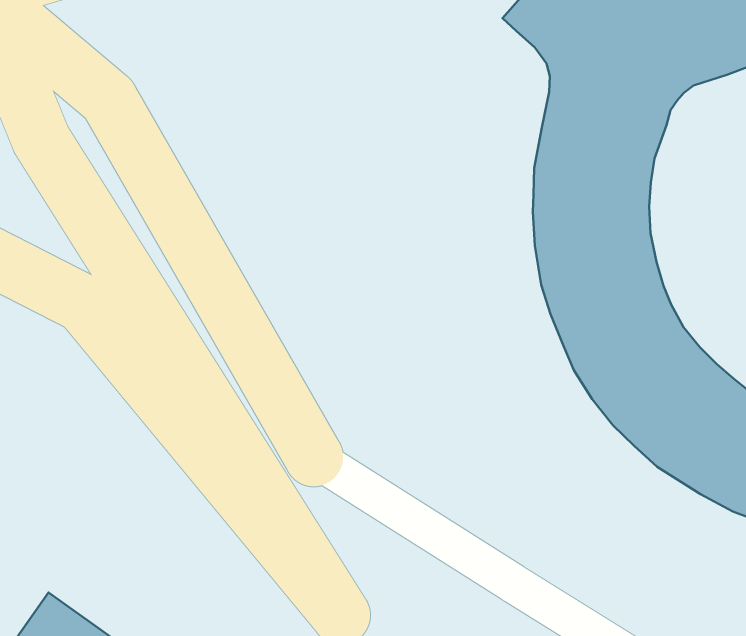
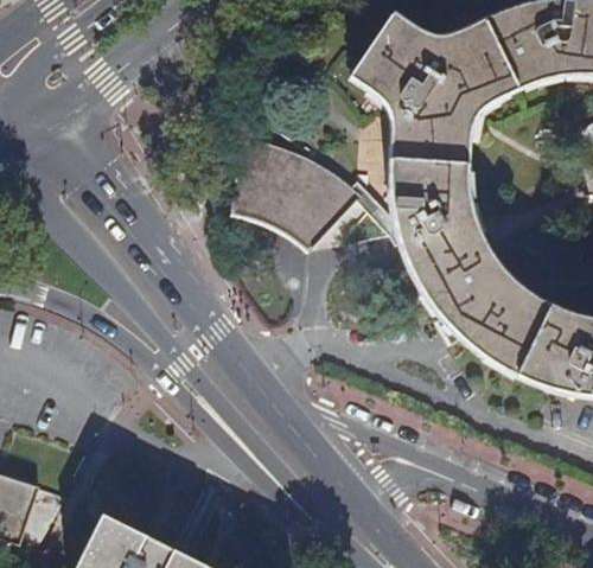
building: none -> [231,135,362,248]

